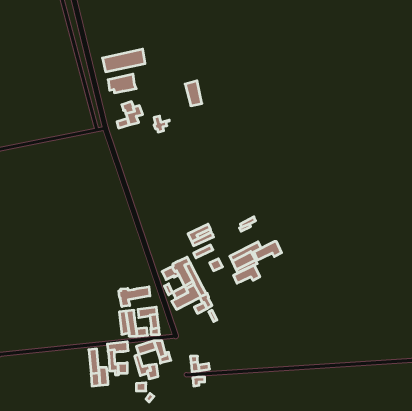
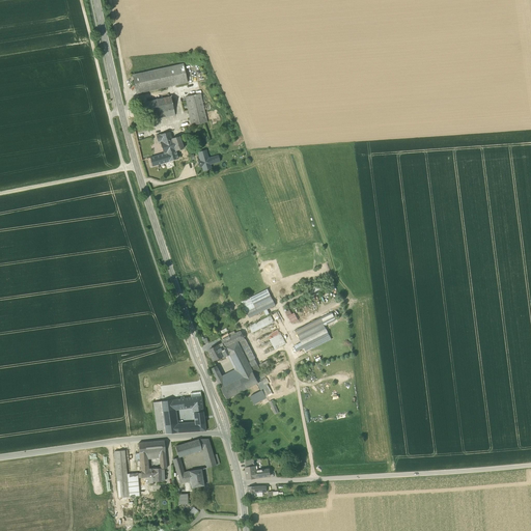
building: [185,81,202,106] -> [185,92,206,124]
building: [254,241,282,260] -> none
building: [234,265,260,283] -> none
building: [119,287,150,307] -> none

